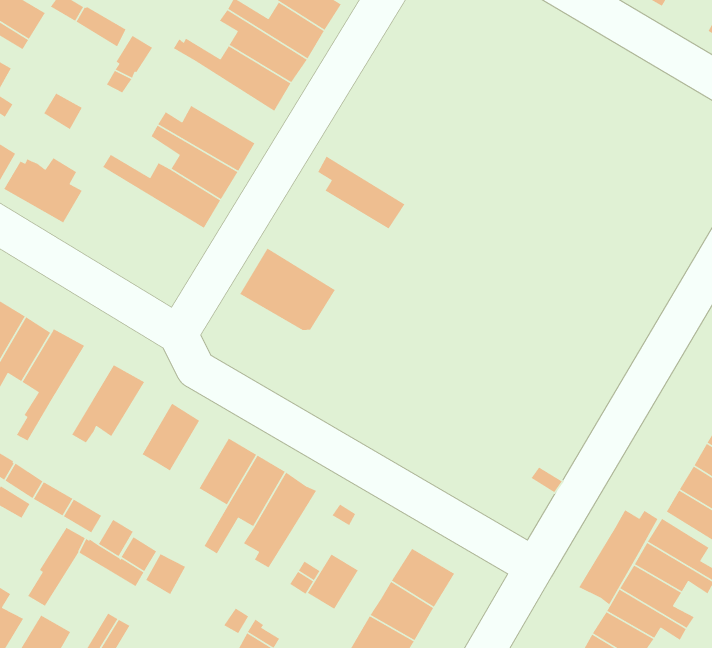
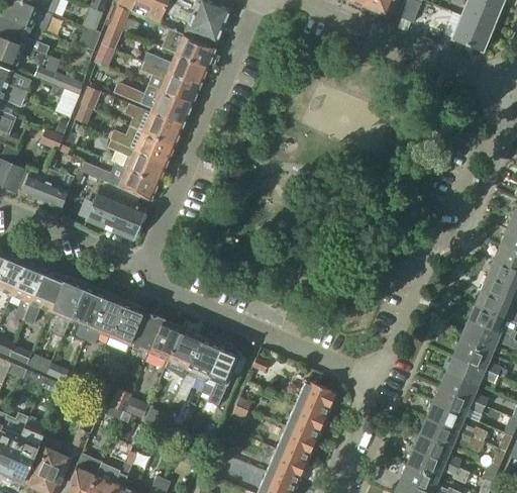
building: [317,155,406,229] -> [124,102,182,142]
building: [239,248,336,331] -> [87,189,146,237]
building: none -> [70,283,105,339]
building: none -> [110,300,146,346]
building: none -> [149,319,183,362]
building: [578,509,659,606] -> none
building: [307,553,359,610] -> none

